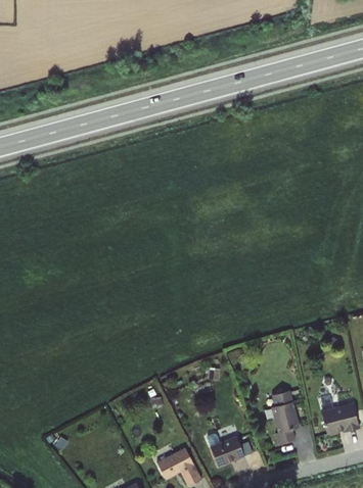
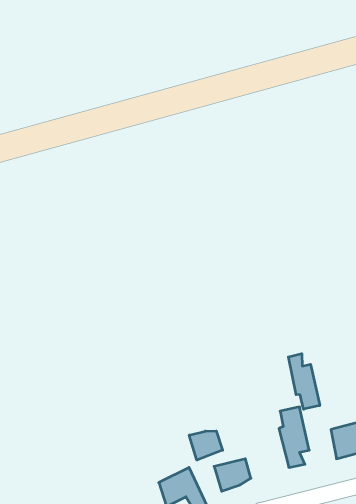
building: none -> [288,354,320,409]
building: none -> [189,431,223,460]

